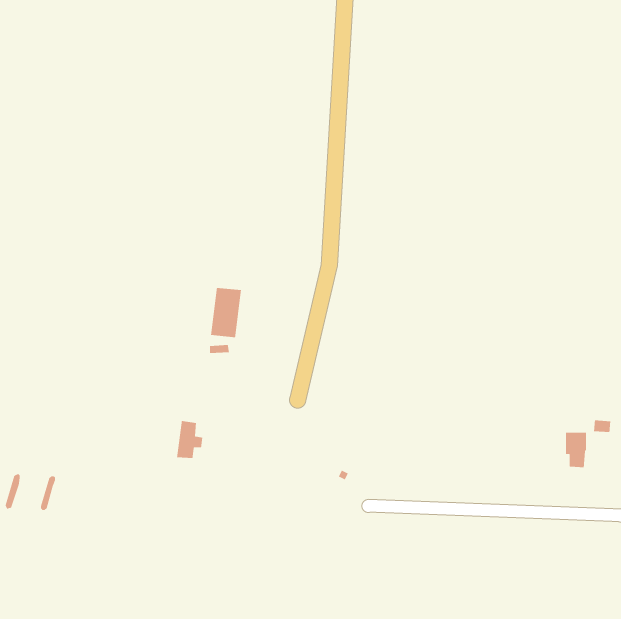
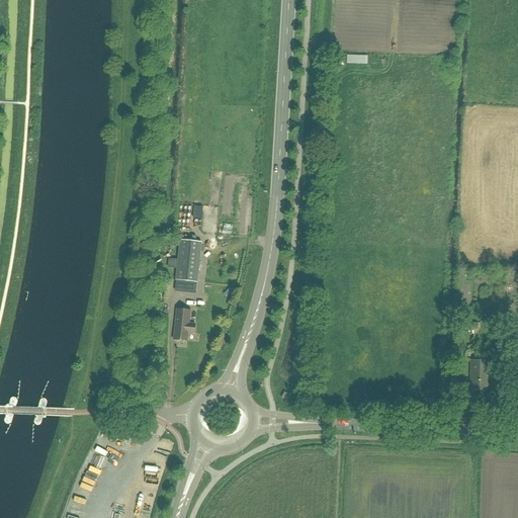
building: [176,420,203,459] -> [173,308,195,340]

